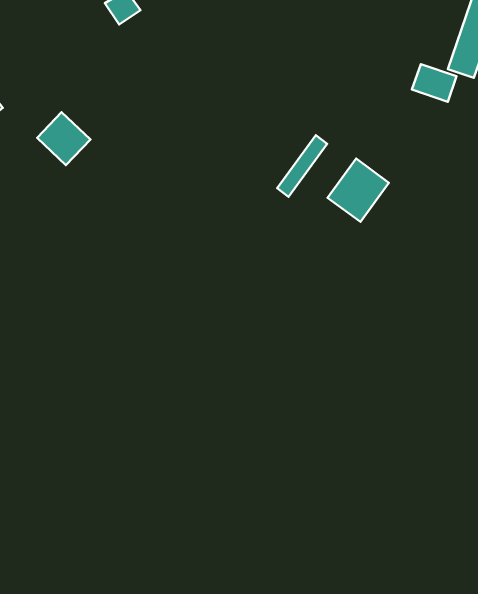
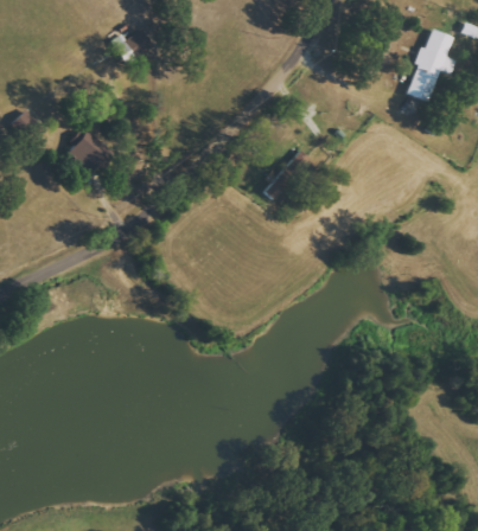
building: [412,64,456,102] -> none
building: [328,159,389,222] -> none

